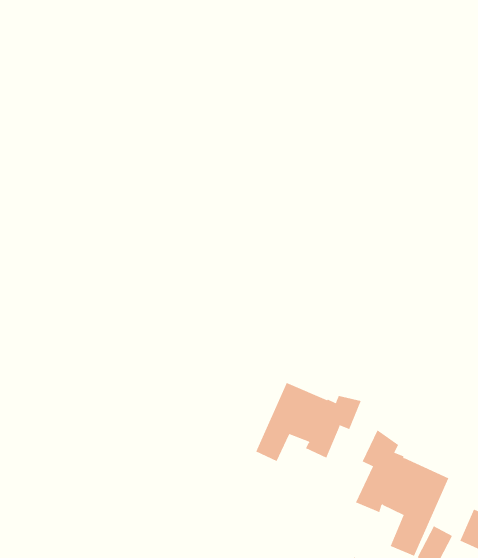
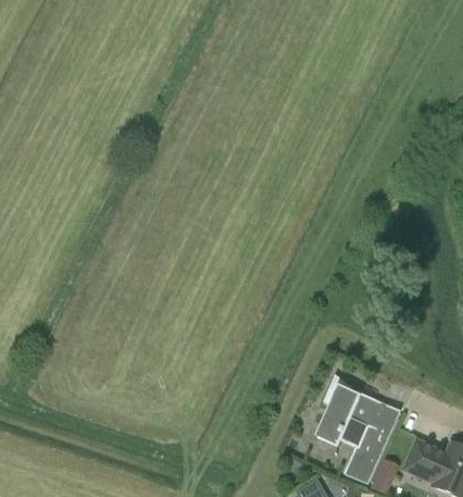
building: [256,382,362,462] -> none

